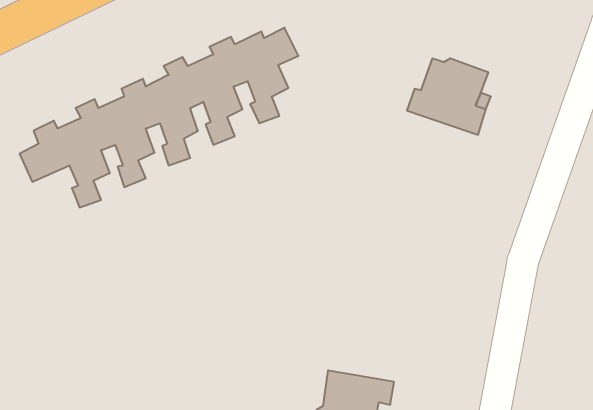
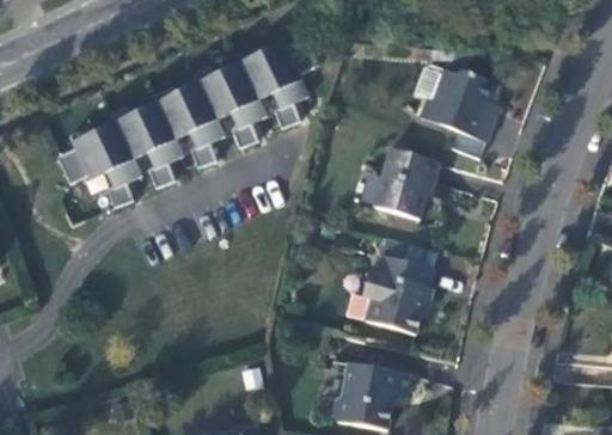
building: none -> [373,151,440,219]
building: none -> [342,253,435,335]

